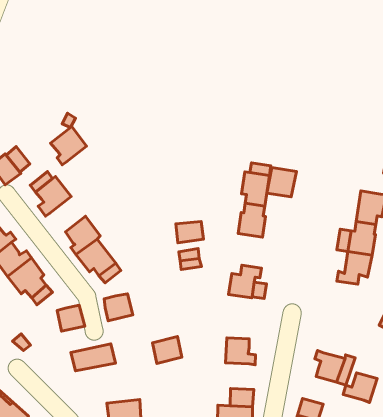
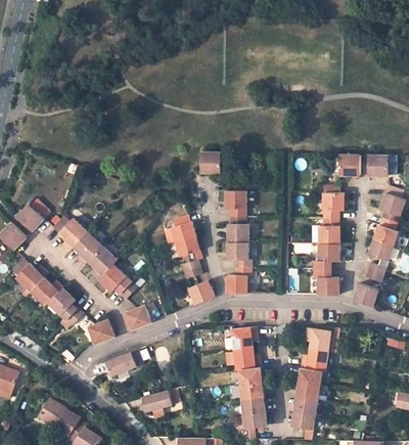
building: [51,126,86,165] -> [71,233,100,266]
building: [267,168,296,197] -> [198,152,220,174]
building: none -> [171,216,195,242]
building: none -> [227,242,251,268]
building: none -> [314,269,338,295]
building: [153,337,182,364] -> [188,281,214,306]
building: none -> [233,348,260,370]
building: [343,373,377,402] -> [301,350,326,372]

